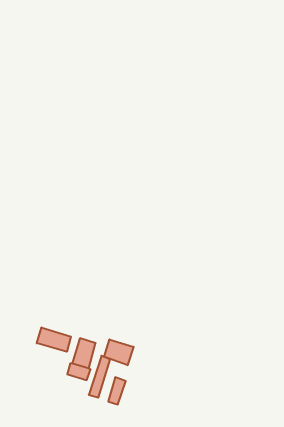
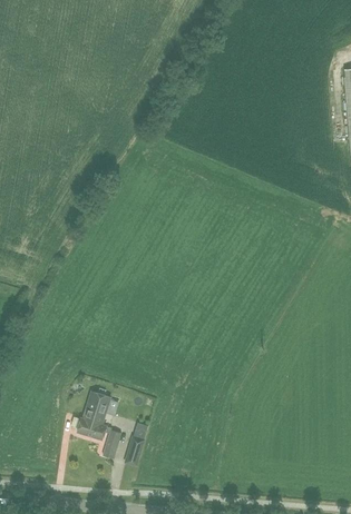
building: [37,327,71,352] -> none
building: [104,339,134,365] -> none

